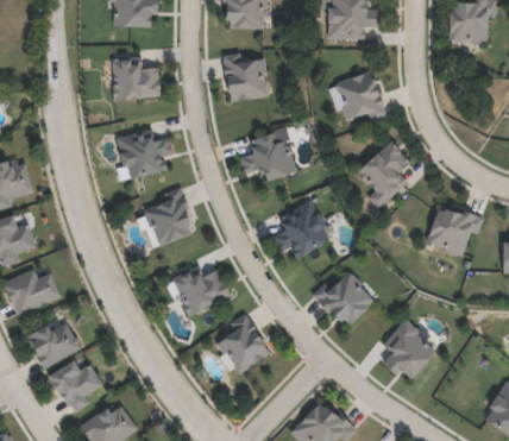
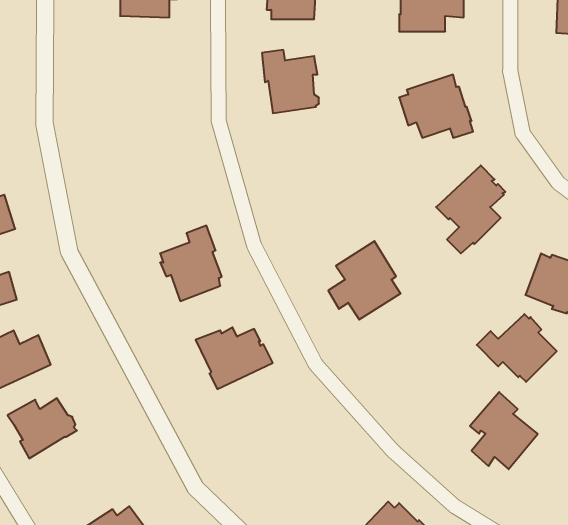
building: [111,56,161,100] -> none
building: [240,127,296,182] -> none
building: [115,128,171,179] -> none
building: [312,270,373,322] -> [477,314,557,382]
building: [215,313,270,372] -> none
building: [49,358,102,410] -> none

